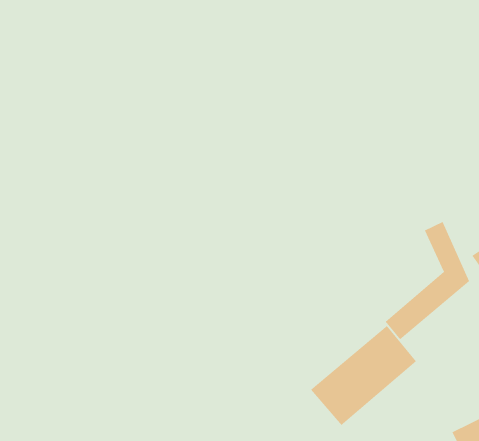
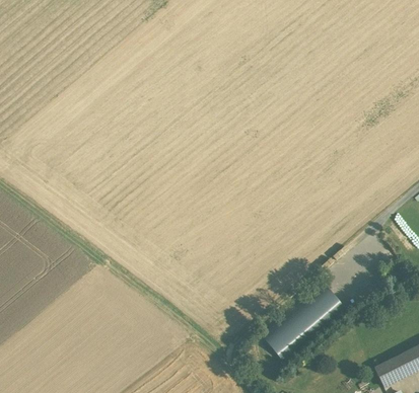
building: [385,221,470,340] -> none

